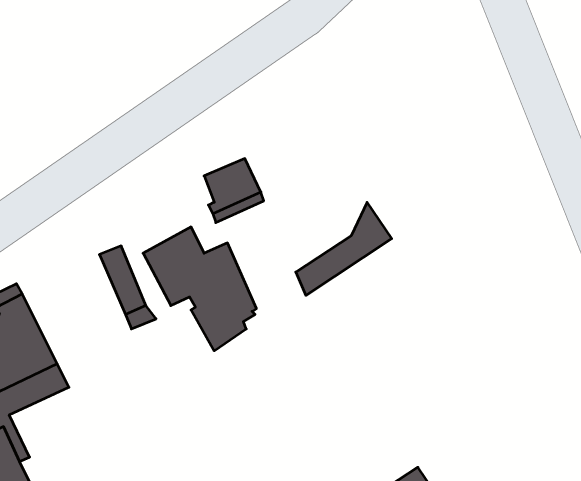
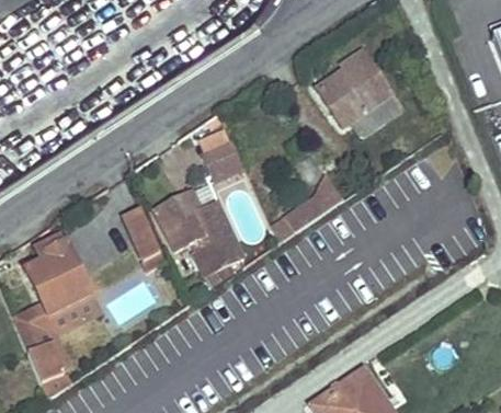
building: none -> [317,53,400,136]

